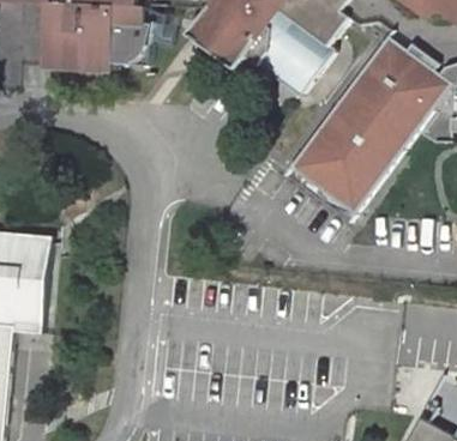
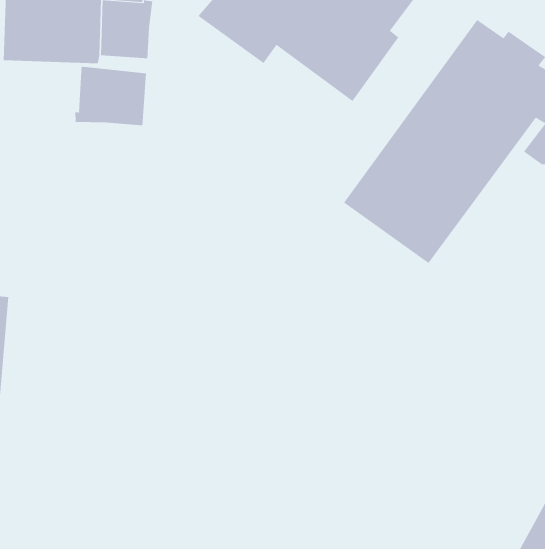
building: none -> [75,66,147,126]

